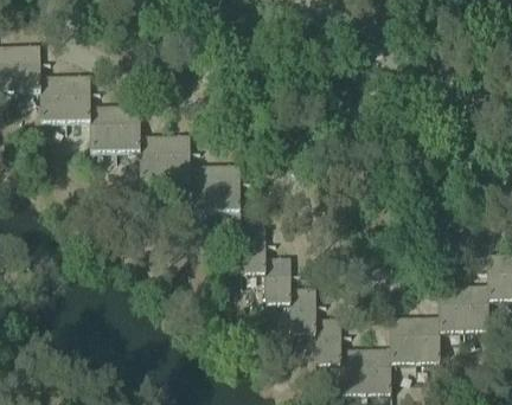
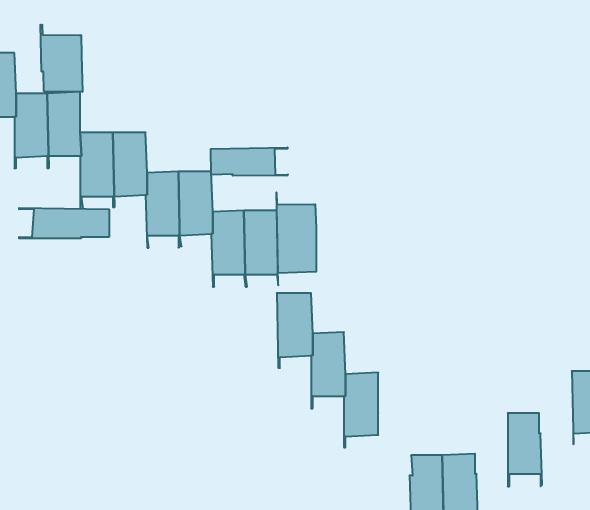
building: none -> [40,25,82,92]
building: none -> [211,147,288,176]
building: none -> [276,192,316,273]
building: none -> [19,208,109,238]
building: [436,285,463,341] -> none
building: [314,317,341,374] -> none
building: [388,317,414,364] -> none

